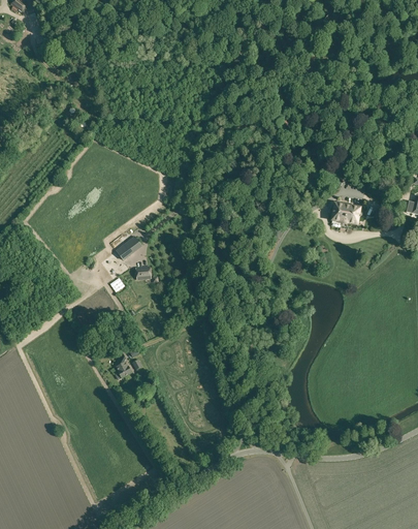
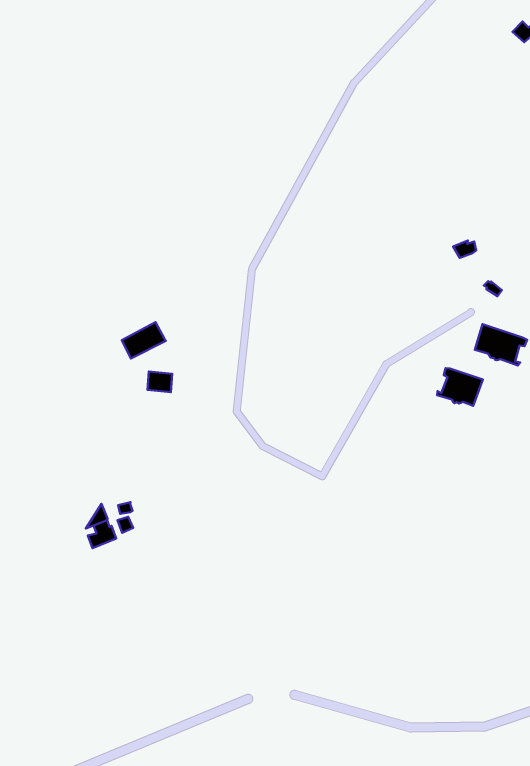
building: none -> [437,368,483,406]

